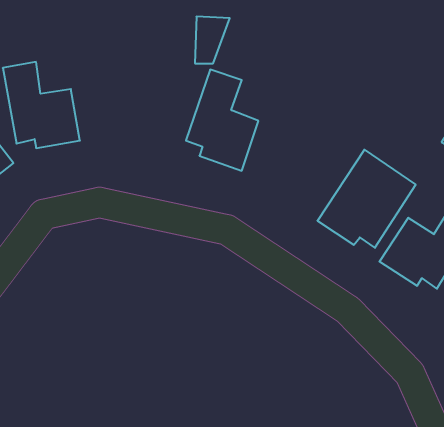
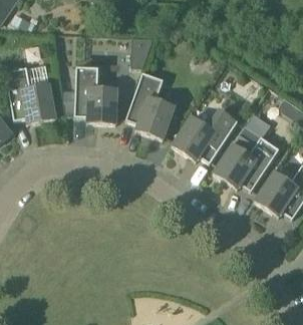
building: none -> [63,65,116,123]
building: none -> [172,108,237,161]

